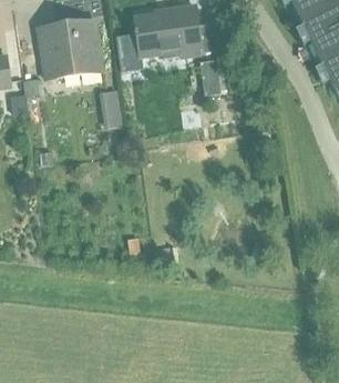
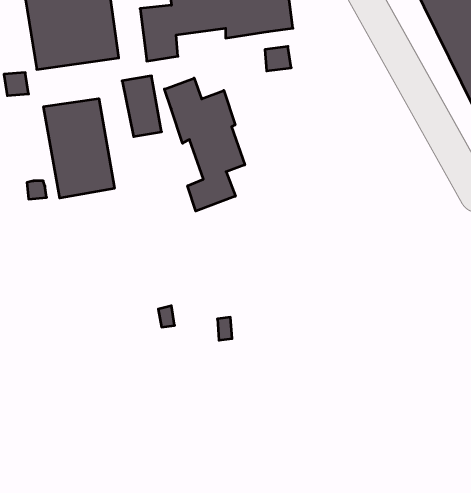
building: none -> [164,78,245,211]
building: none -> [44,99,114,198]

